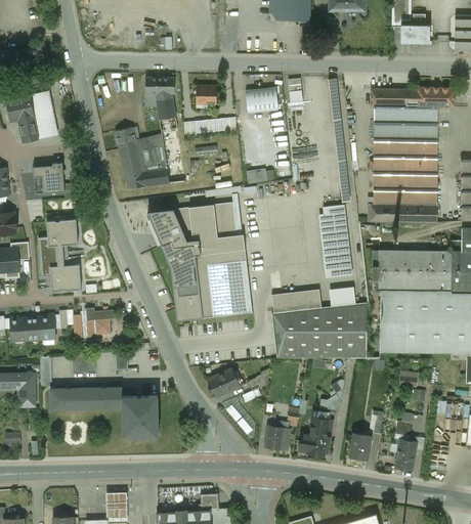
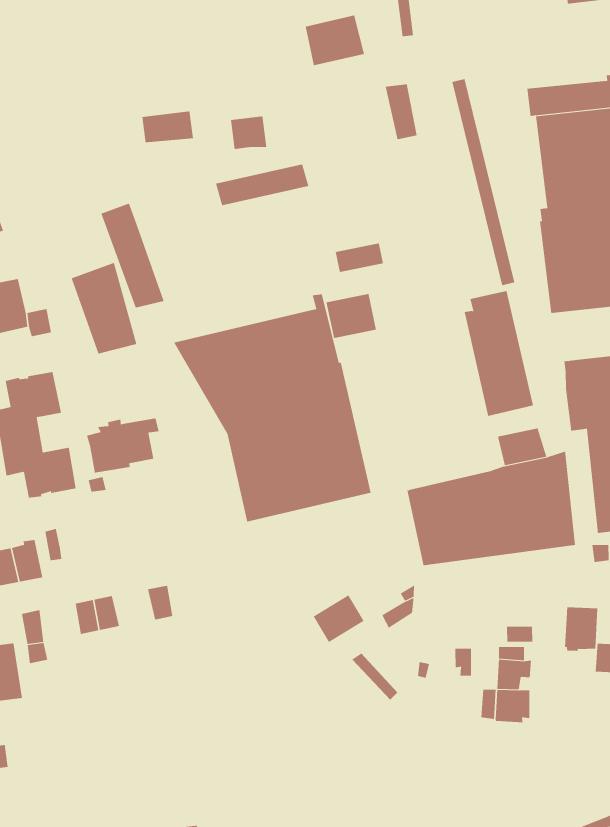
building: [246,87,279,114] -> [305,15,365,66]
building: [156,94,175,120] -> none
building: [135,134,169,186] -> [71,262,137,354]
building: none -> [326,293,377,339]
building: [271,290,322,313] -> none
building: [73,308,116,338] -> [86,418,160,473]
building: [50,388,158,437] -> none
building: [265,421,290,450] -> none
building: [349,433,372,460] -> [564,607,598,651]

